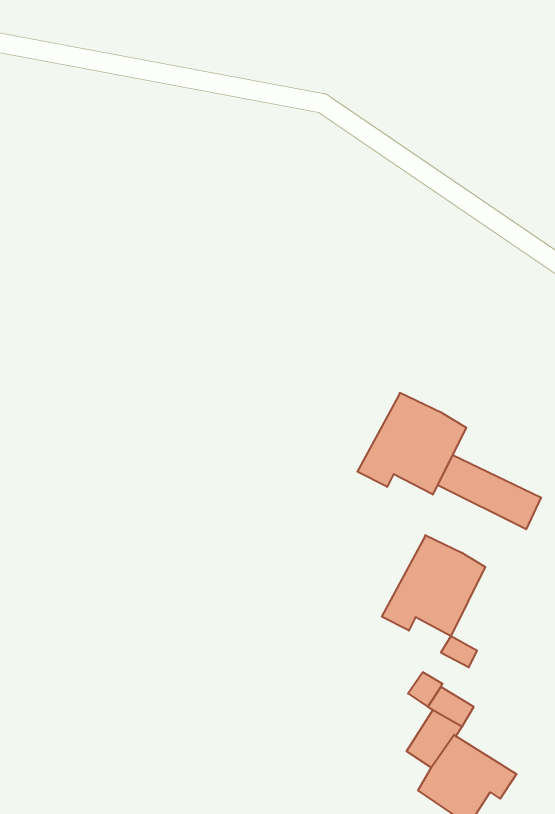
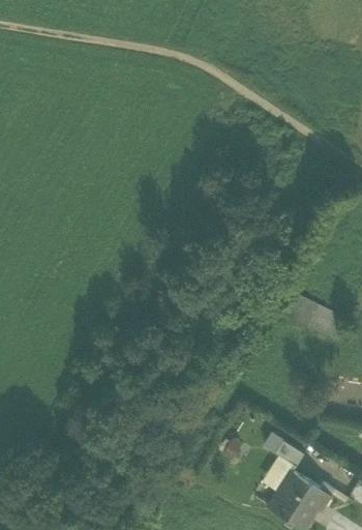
building: [357,393,466,495] -> none
building: [382,535,485,636] -> none

